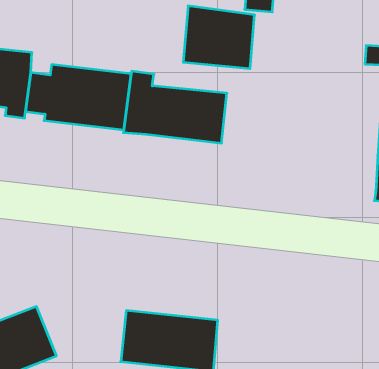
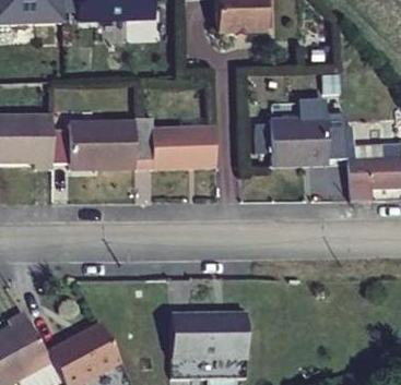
building: [183,6,255,69] -> [272,117,330,164]

